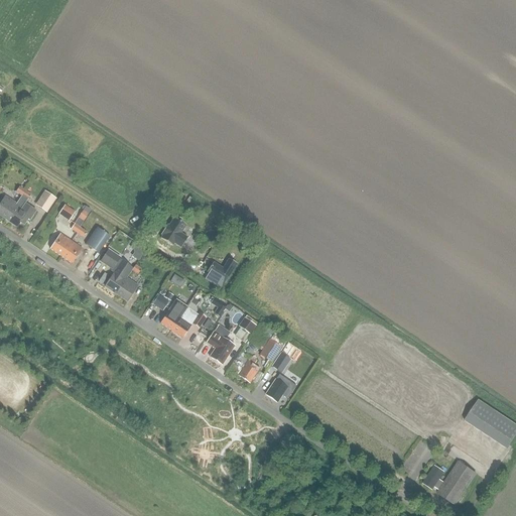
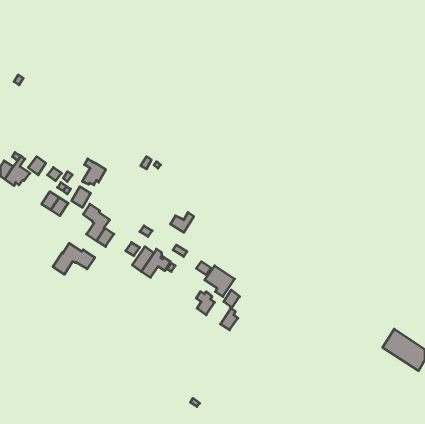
building: none -> [82,159,106,185]
building: [160,216,187,247] -> none
building: none -> [53,243,95,274]
building: [207,324,234,362] -> none
building: [422,461,476,505] -> none

